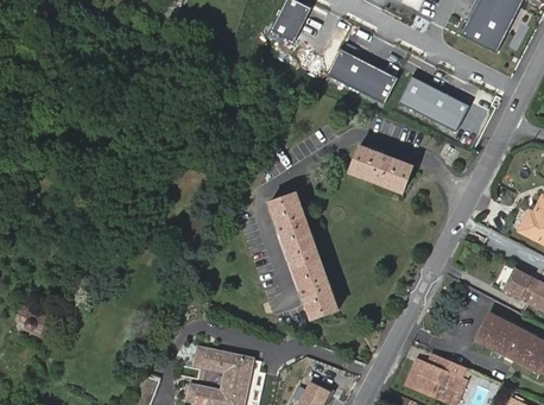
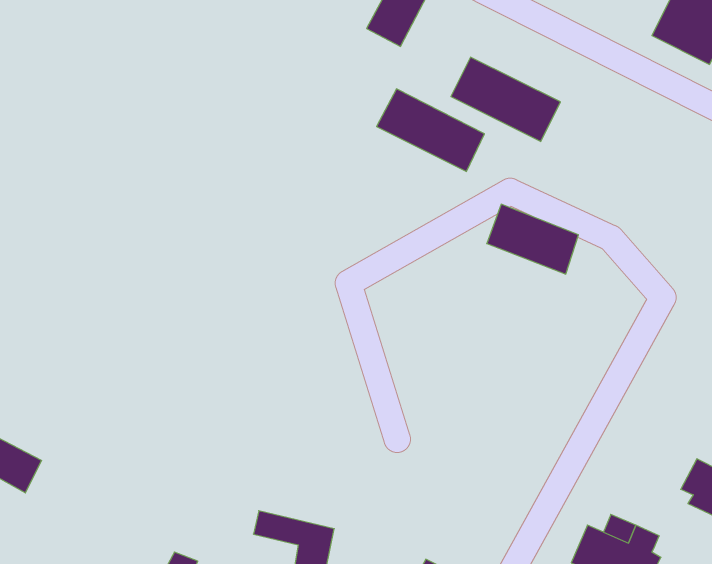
building: [399,76,470,131] -> [377,89,484,171]
building: [270,194,337,317] -> none

